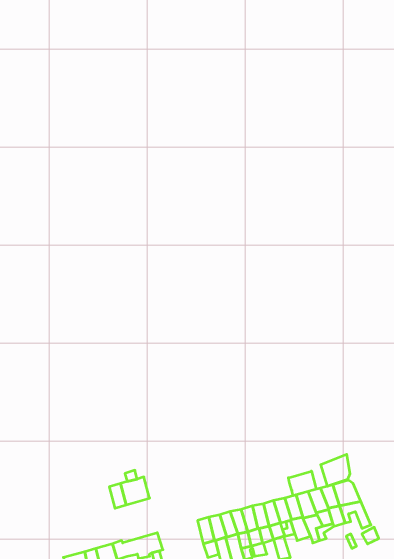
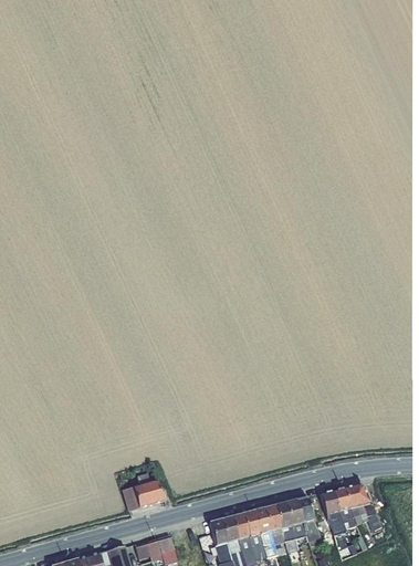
building: [321,454,350,486] -> none
building: [288,471,316,496] -> none

